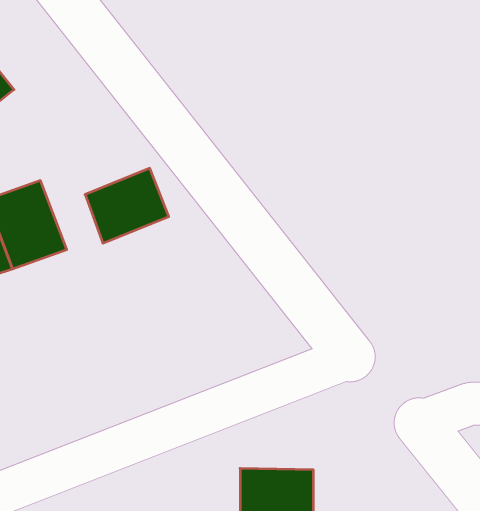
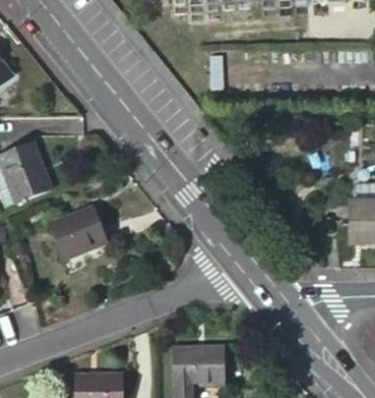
building: [85,168,169,243] -> [53,215,111,267]

